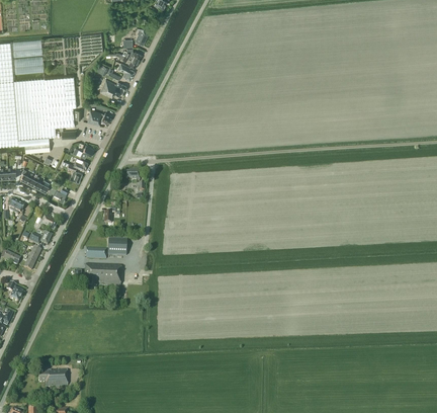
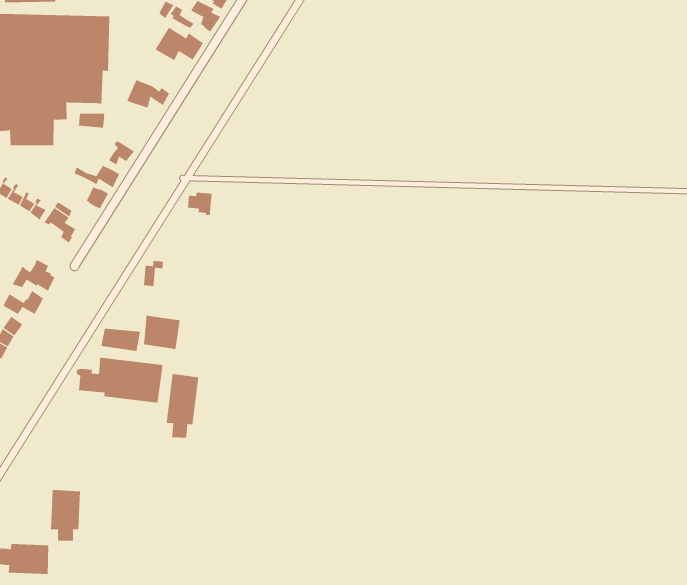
building: none -> [166,373,199,439]
building: none -> [50,489,80,541]

